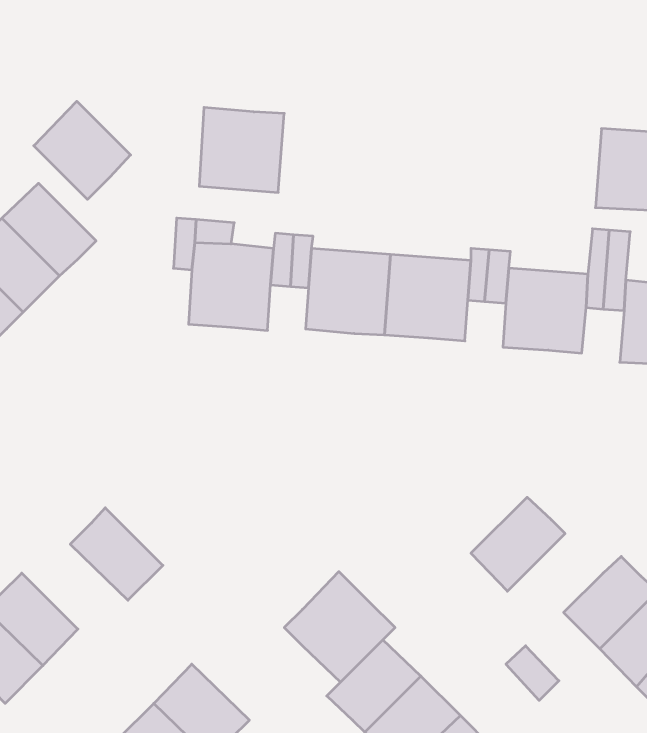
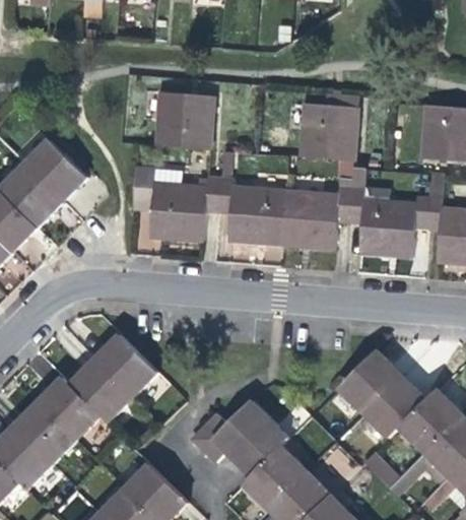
building: [34,101,131,199] -> none
building: none -> [296,102,355,158]
building: none -> [93,334,157,397]
building: none -> [38,376,102,440]
building: none -> [362,376,426,440]
building: none -> [189,415,225,464]

